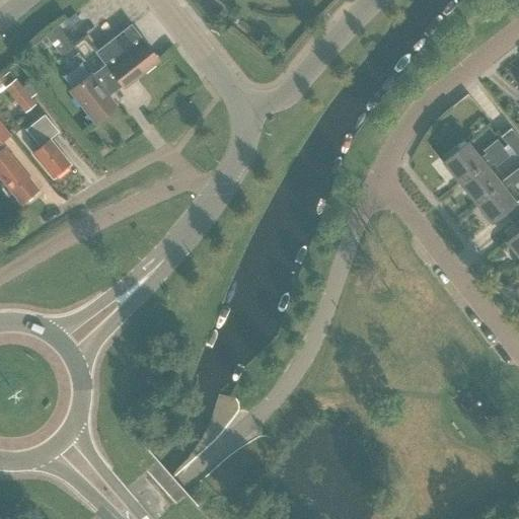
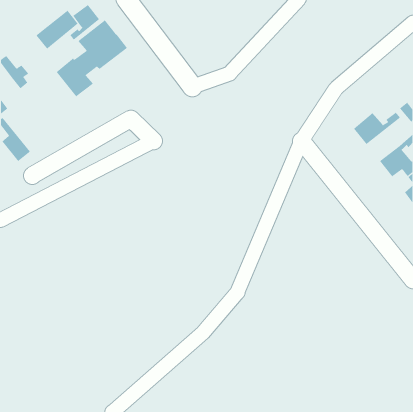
building: none -> [70,4,100,40]
building: [26,114,70,177] -> none
building: [459,147,510,202] -> none

